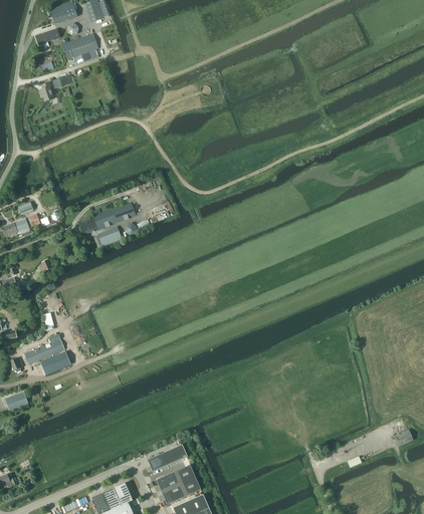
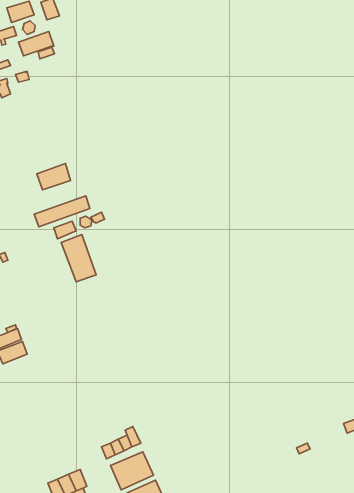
building: none -> [37,164,70,190]
building: none -> [61,235,96,282]

